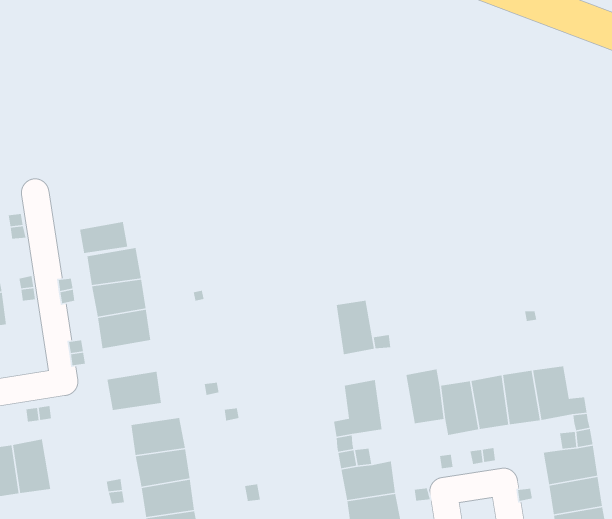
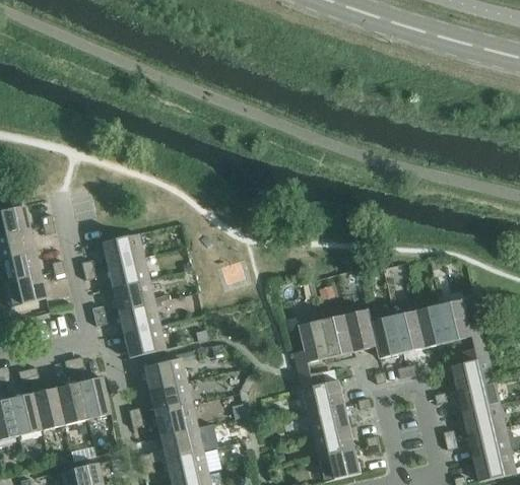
building: [79,221,128,254] -> none
building: [336,300,375,355] -> [324,315,355,357]
building: none -> [118,302,160,334]
building: none -> [78,376,111,419]

